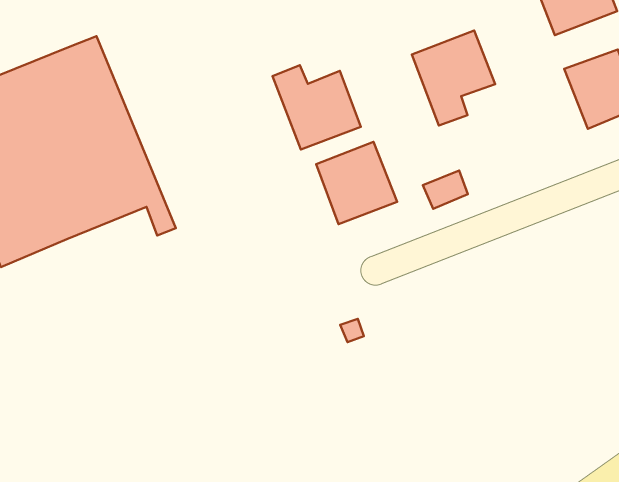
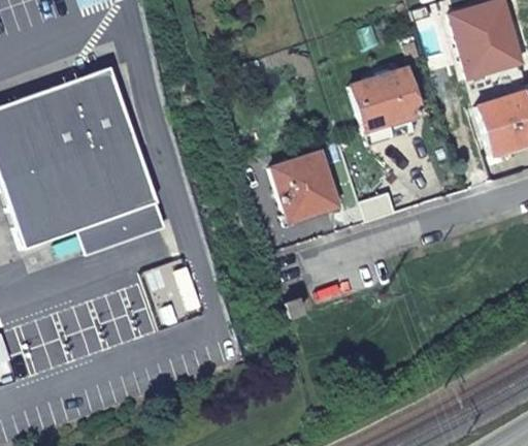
building: [272,65,361,150] -> none
building: none -> [69,199,142,246]

